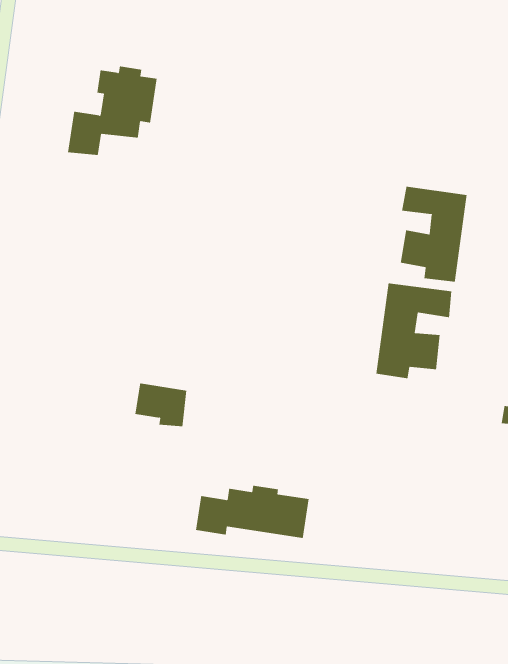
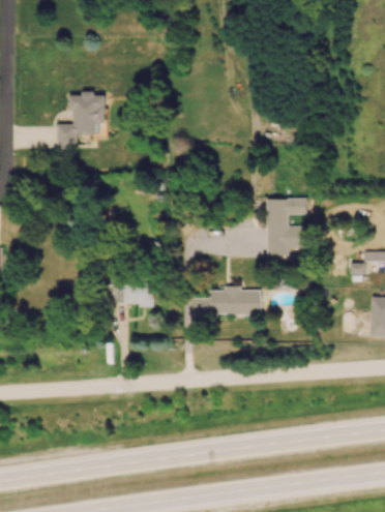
building: [400,186,467,283] -> none
building: [195,485,310,539] -> [194,287,261,320]

